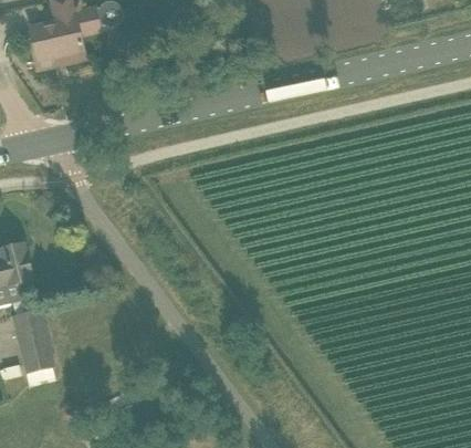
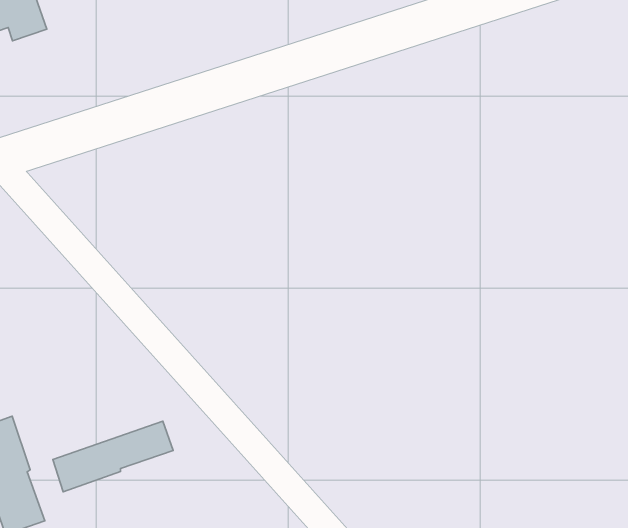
building: none -> [53,421,173,492]

